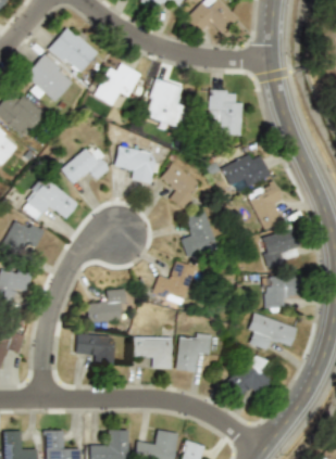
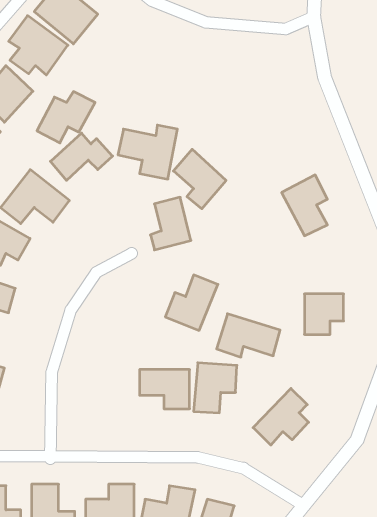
building: [95,64,141,105] -> [37,92,95,143]
building: [144,78,188,127] -> none
building: [209,90,242,136] -> none
building: [221,151,270,188] -> none
building: [183,211,215,253] -> [150,197,191,250]
building: [260,230,298,267] -> none
building: [87,291,121,321] -> none
building: [245,314,296,348] -> [217,314,280,357]
building: [76,335,116,367] -> none

